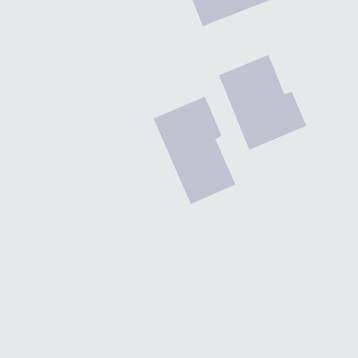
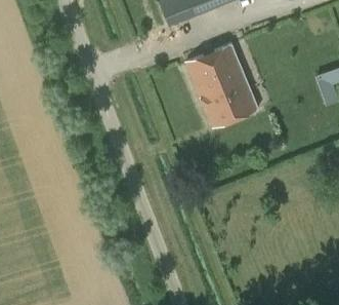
building: [153,96,236,205] -> none

